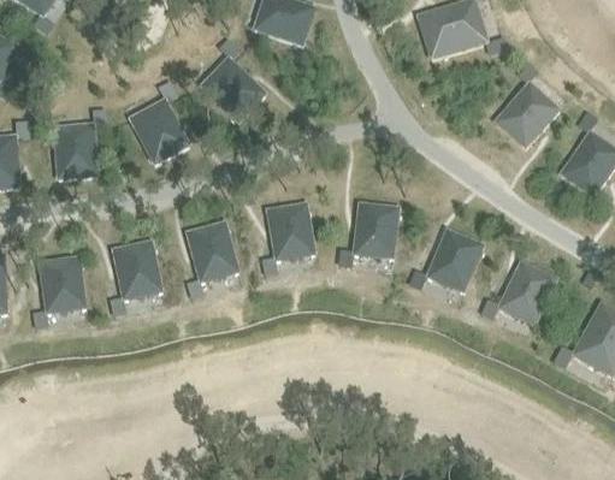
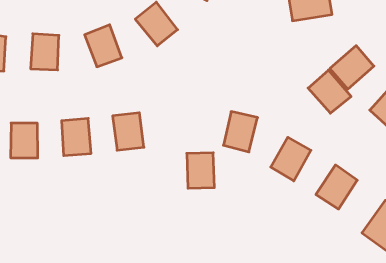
building: none -> [308,70,351,113]
building: [267,202,314,259] -> [187,153,214,188]

